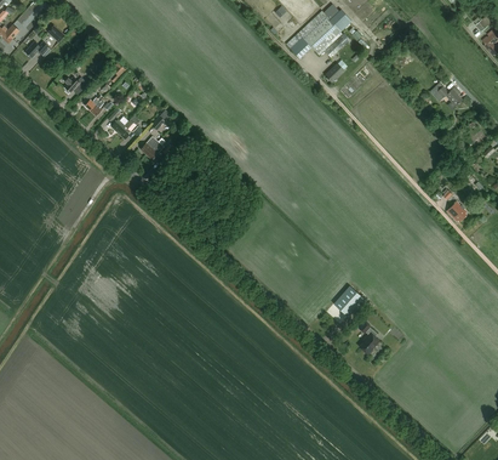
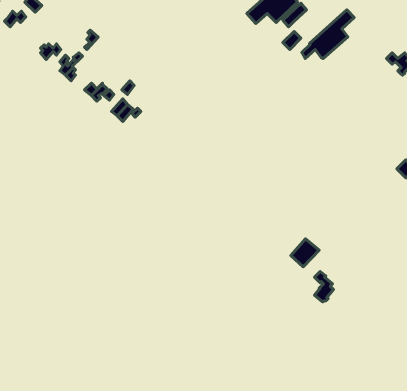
building: none -> [302,10,354,58]

